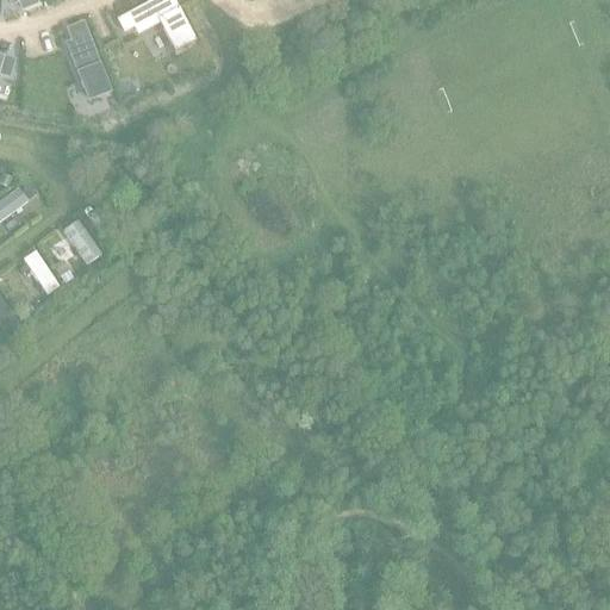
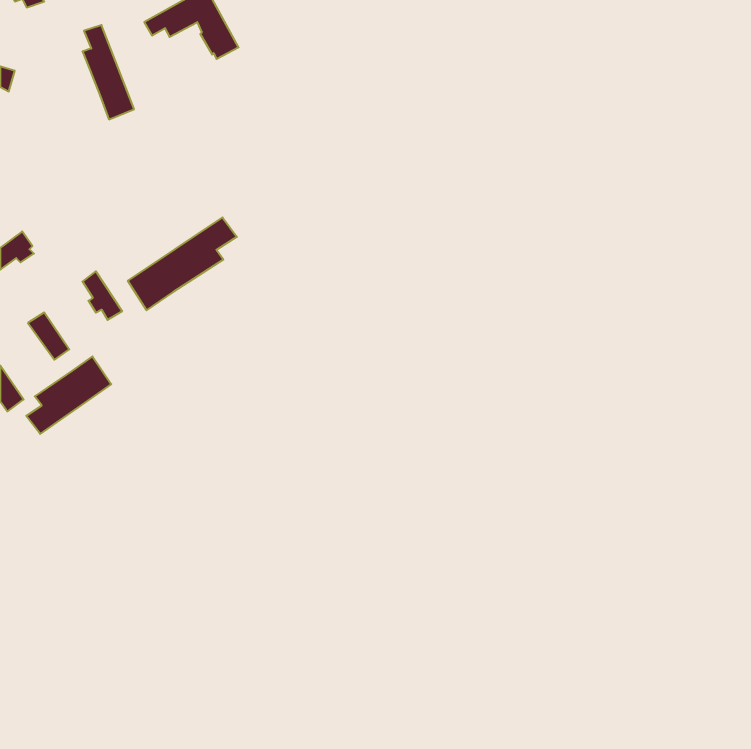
building: none -> [128,217,237,310]
building: none -> [26,356,111,434]

